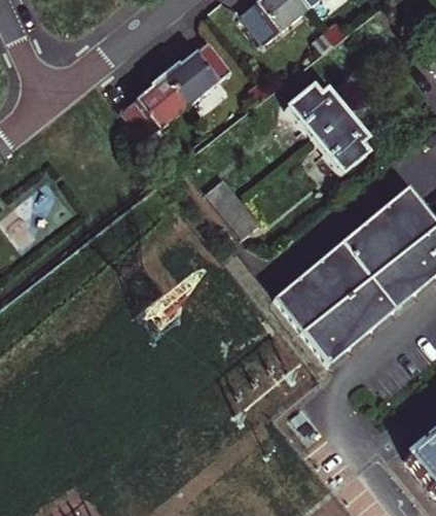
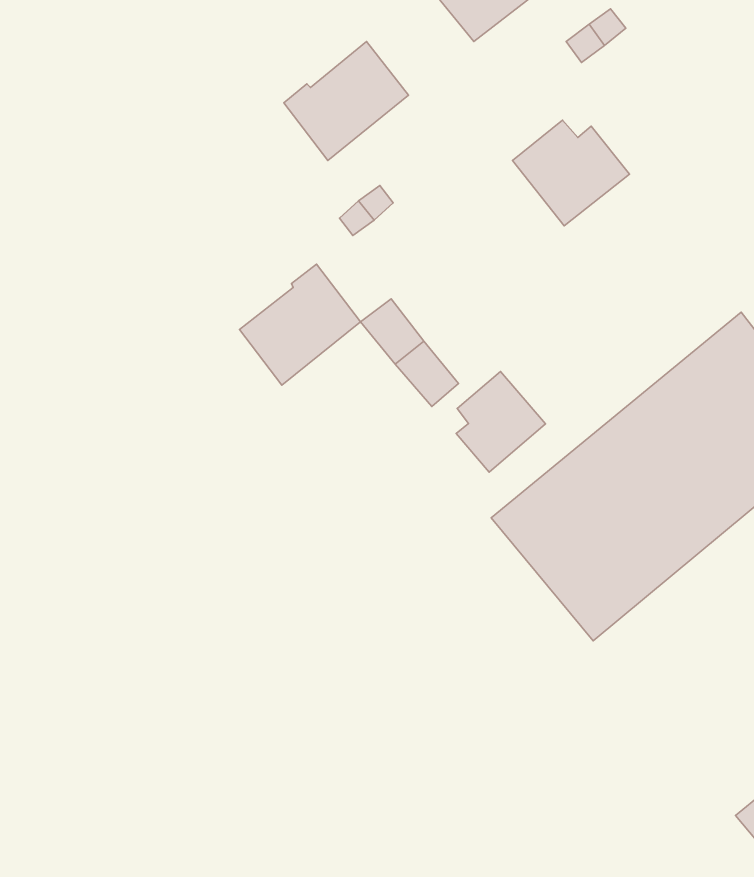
building: [123,73,188,138] -> [239,264,361,385]
building: [315,111,369,173] -> none
building: none -> [456,372,546,472]

